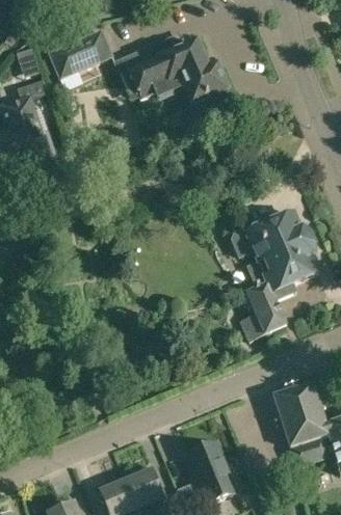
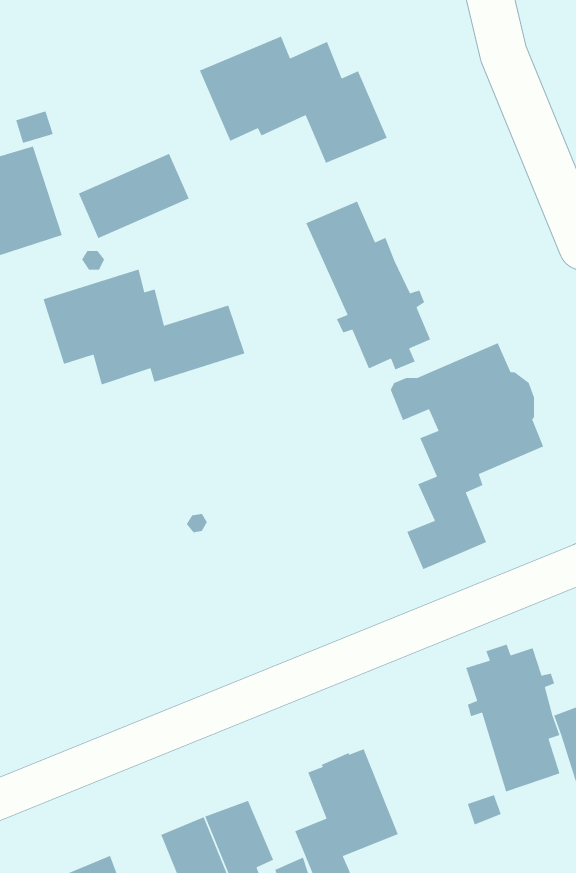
building: [48,30,111,79] -> [78,153,190,239]
building: none -> [305,201,431,371]
building: none -> [42,268,245,385]

